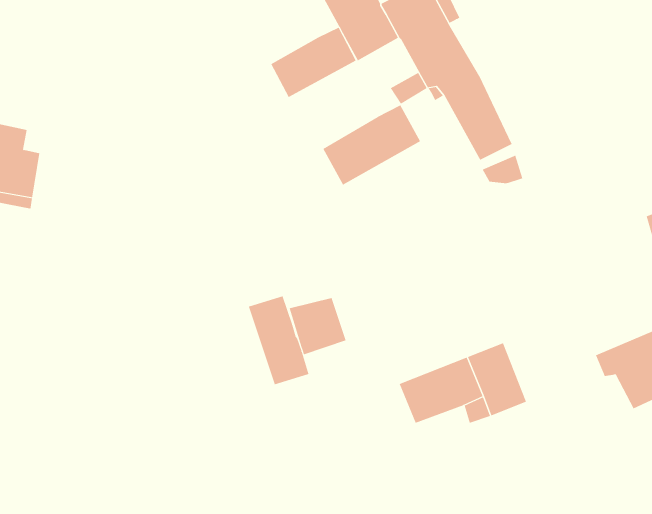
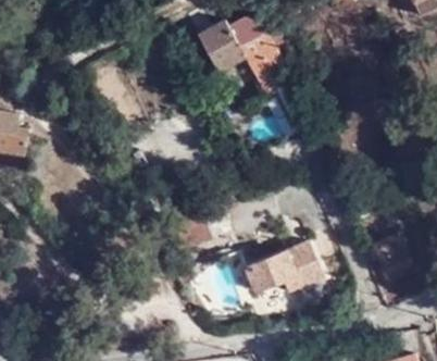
building: [271,27,357,98] -> none
building: [323,104,421,186] -> none
building: [248,296,309,385] -> none

